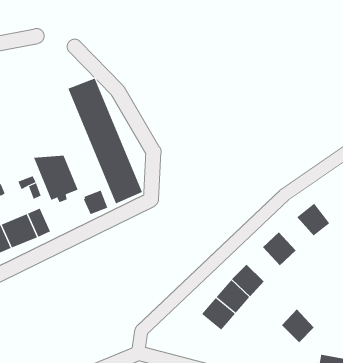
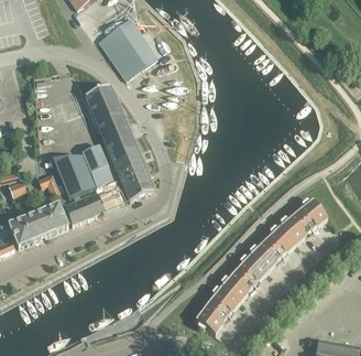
building: none -> [99,19,156,79]
building: none -> [83,144,112,184]
building: none -> [64,192,105,225]
building: none -> [278,213,310,244]
building: [281,308,315,343] -> [249,240,280,272]
building: none -> [194,302,226,334]

